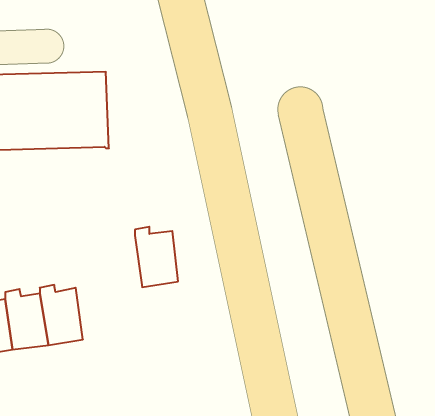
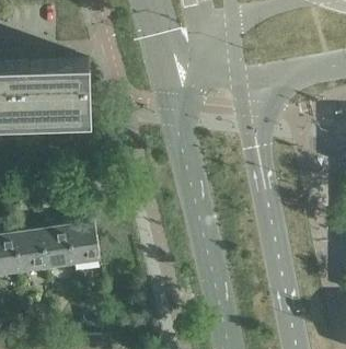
building: [135,227,178,287] -> [65,222,97,268]

